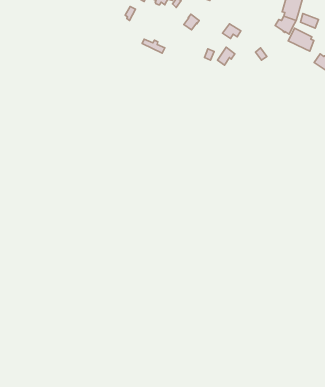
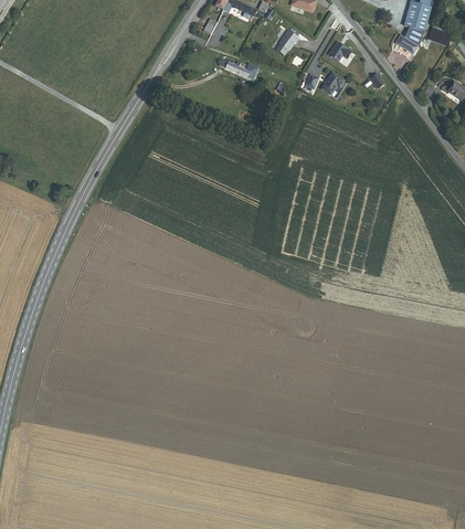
building: [288,28,314,51] -> none

